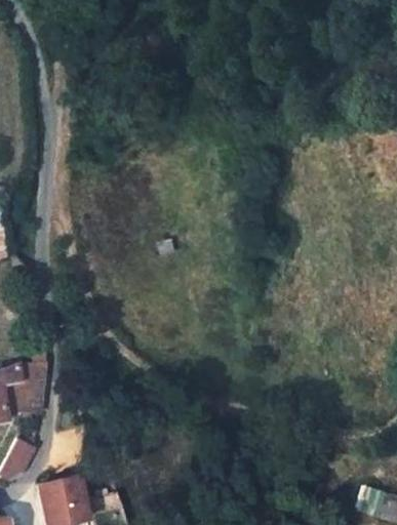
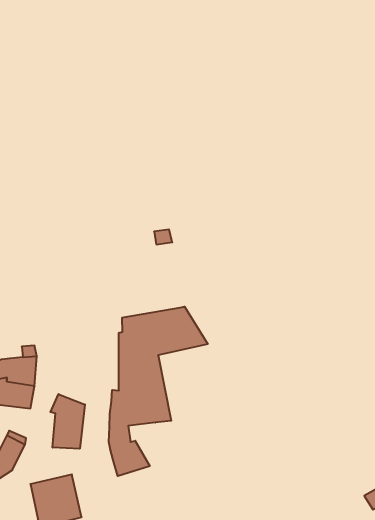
building: none -> [109,307,208,476]
building: none -> [50,394,85,449]

